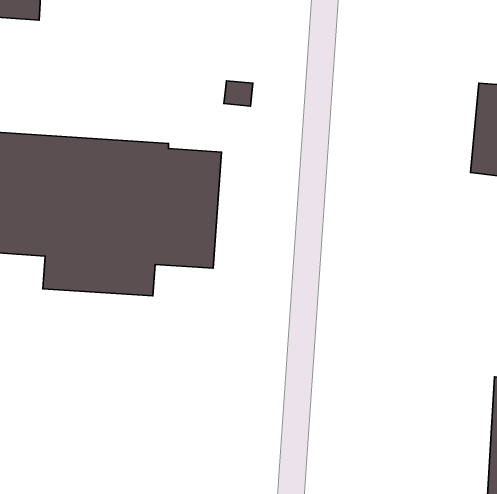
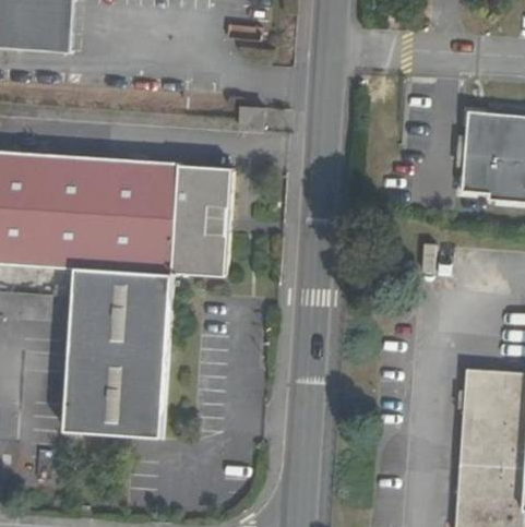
building: none -> [62,295,170,439]

